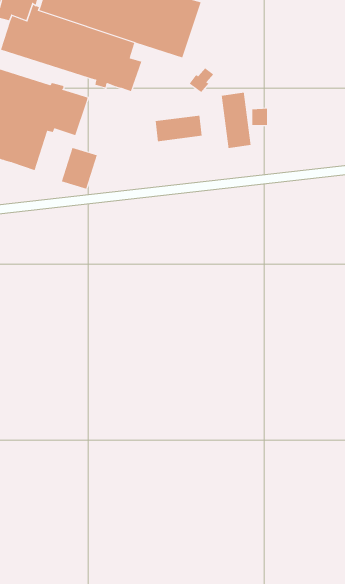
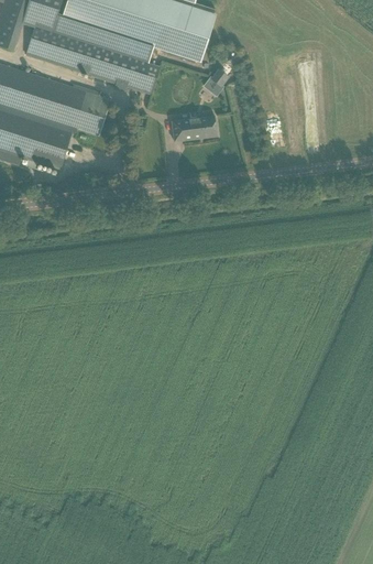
building: [221,92,251,149] -> none
building: [61,147,97,189] -> none

